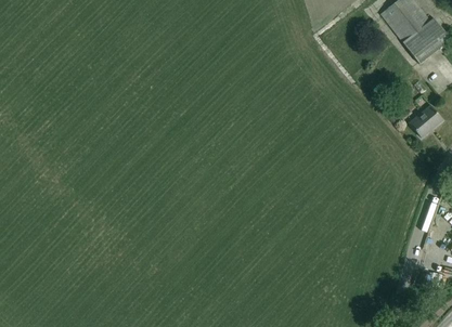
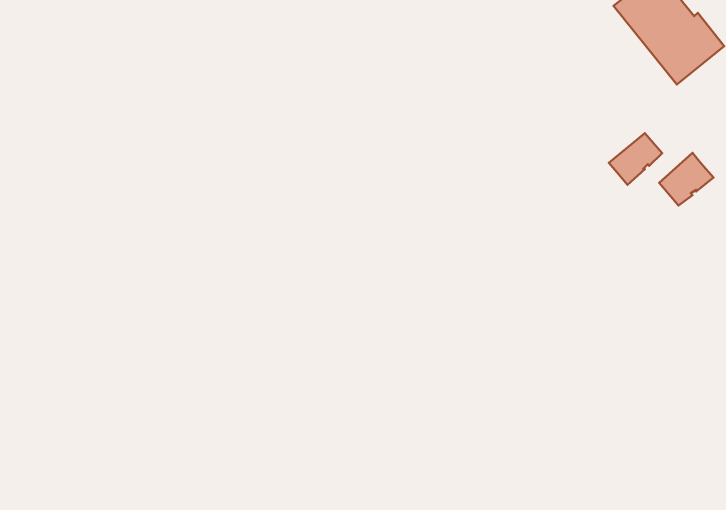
building: none -> [609,133,662,185]

